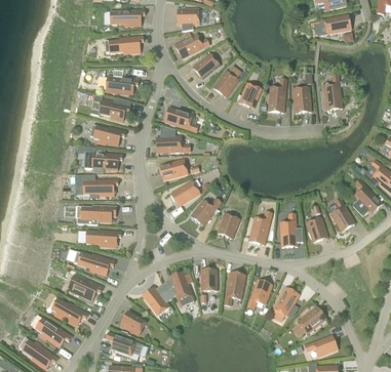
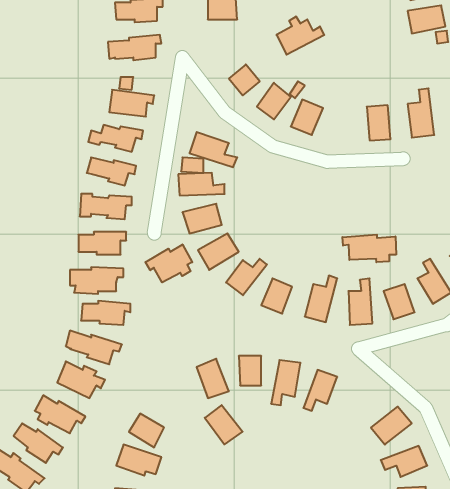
building: [174,32,209,59] -> [276,17,324,55]
building: [268,79,286,113] -> none
building: none -> [342,235,396,262]
building: none -> [145,244,192,282]
building: [143,287,170,316] -> [205,405,243,444]
building: [273,287,299,317] -> none

